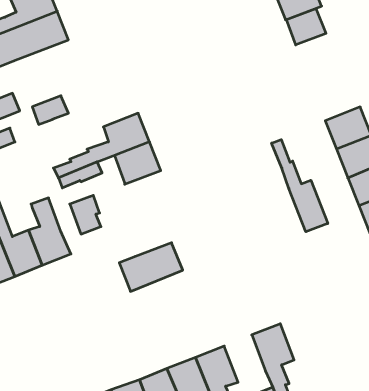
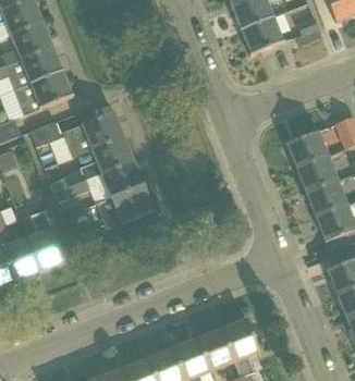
building: [286,9,326,45] -> none
building: none -> [14,72,72,115]
building: none -> [62,112,123,156]
building: [272,140,328,232] -> none
building: [119,243,183,291] -> [97,186,152,229]
building: none -> [198,330,234,371]

